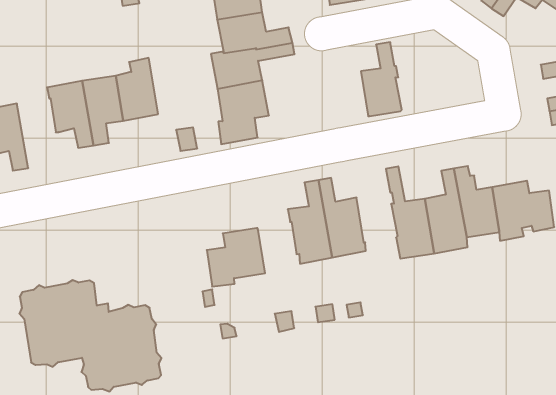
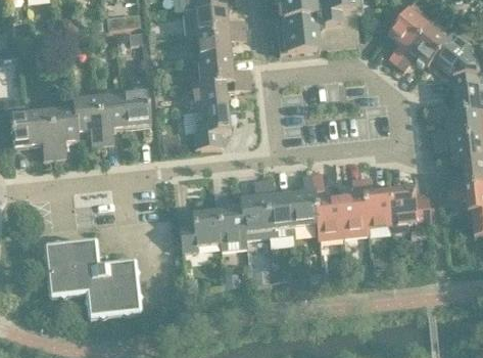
building: [361,42,402,116] -> [290,174,318,226]
building: none -> [50,107,80,156]
building: none -> [214,192,247,250]

